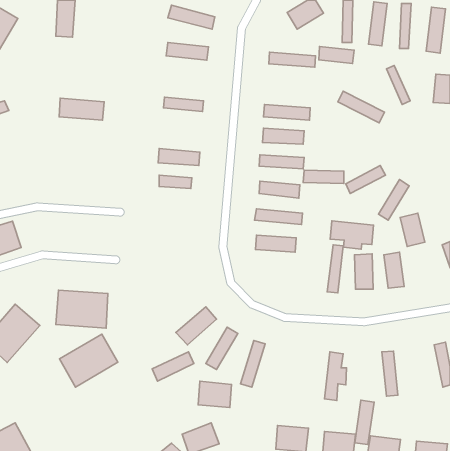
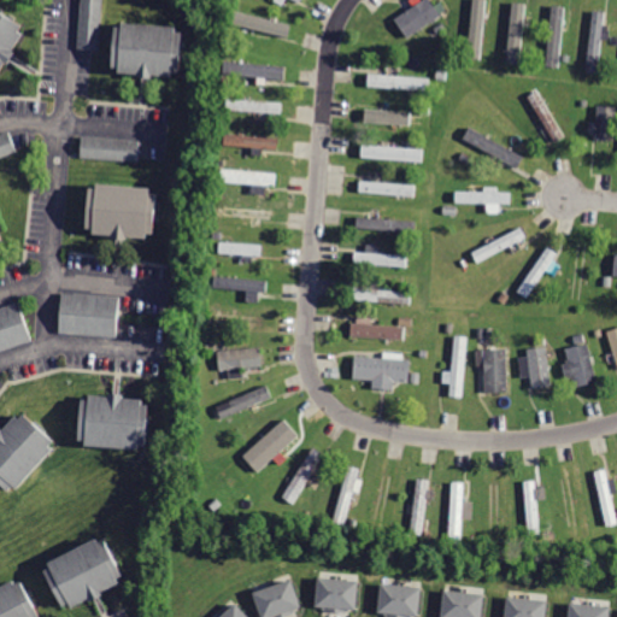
building: none -> [110,22,184,77]
building: [319,47,354,63] -> [362,106,410,129]
building: none -> [225,94,282,118]
building: none -> [218,166,276,188]
building: none -> [83,184,158,237]
building: [303,170,344,184] -> [453,188,509,206]
building: none -> [212,272,268,295]
building: [400,213,425,247] -> [563,345,597,390]
building: none -> [59,292,118,337]
building: [330,221,373,249] -> [349,353,409,392]
building: none -> [216,343,264,376]
building: [59,334,118,387] -> [42,536,122,609]
building: [152,352,194,381] -> [213,381,270,421]
building: [198,381,232,408] -> [312,575,358,611]
building: [355,400,374,444] -> [402,480,429,540]

